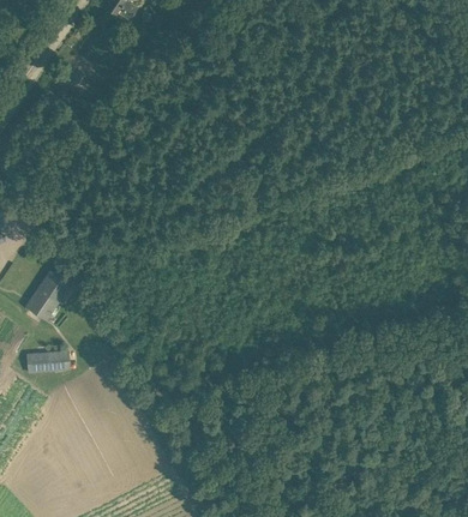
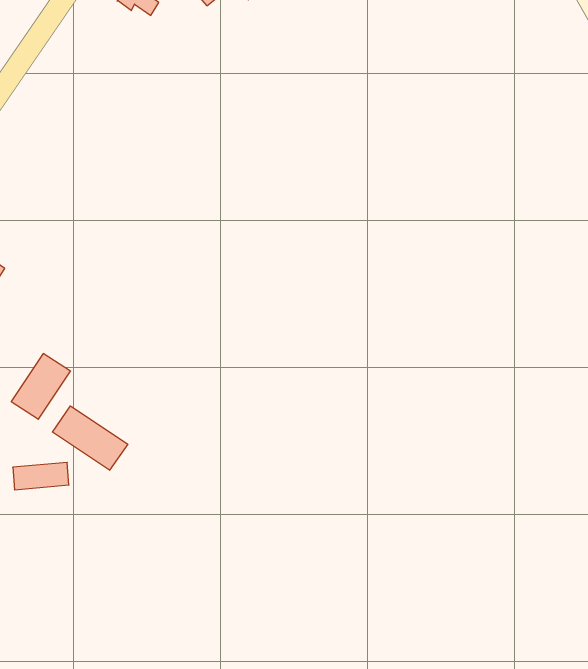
building: none -> [52,406,128,470]

